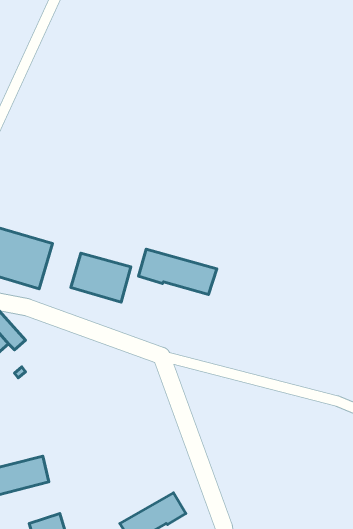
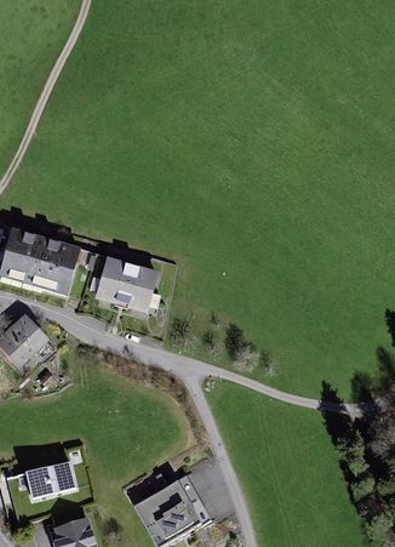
building: [138,249,217,294] -> none
building: none -> [133,473,199,528]

